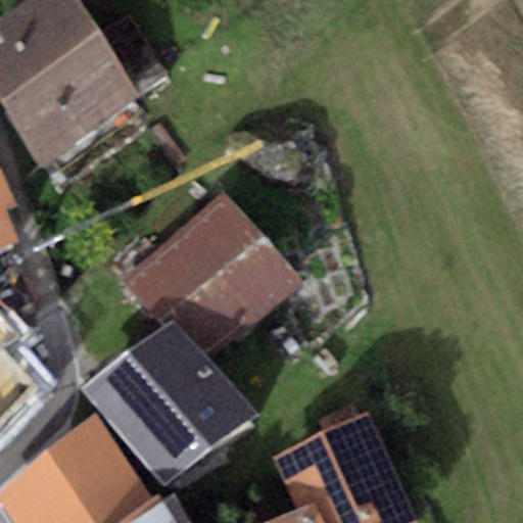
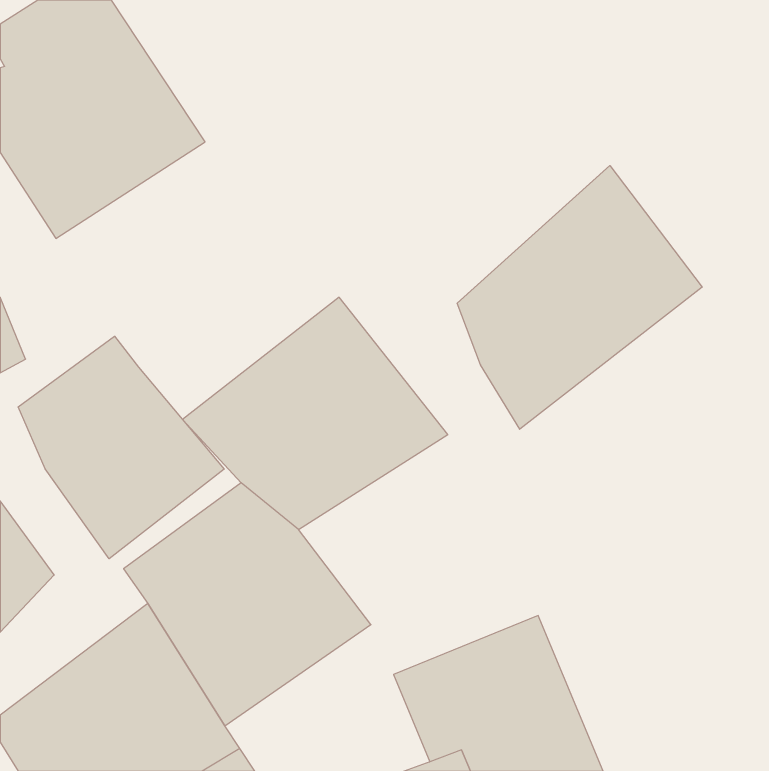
building: none -> [457,166,702,429]
building: none -> [18,336,224,559]

